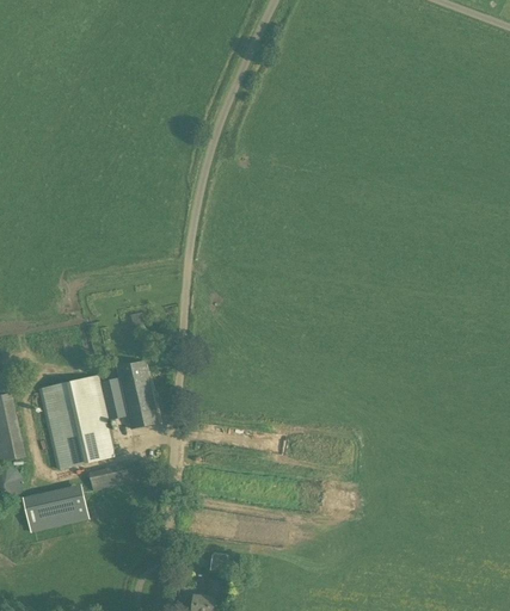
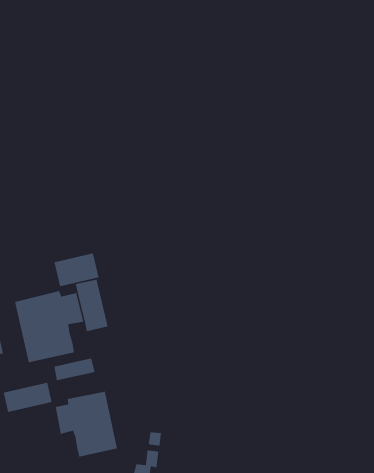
building: none -> [54,252,100,287]
building: none -> [55,391,118,457]

